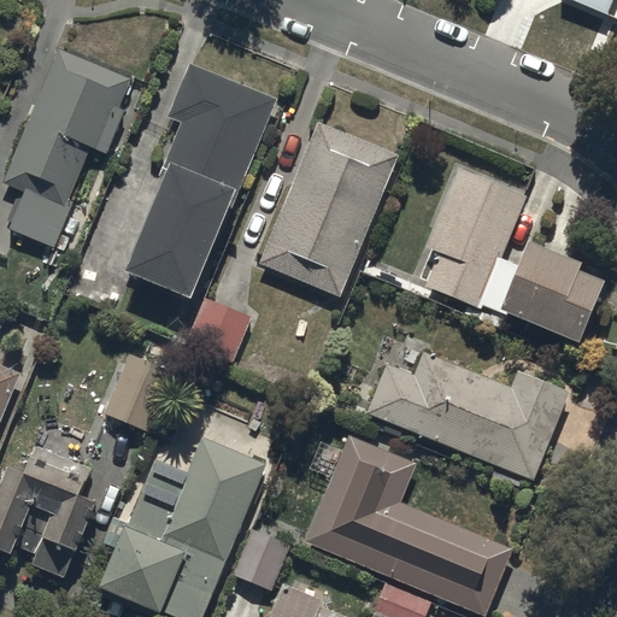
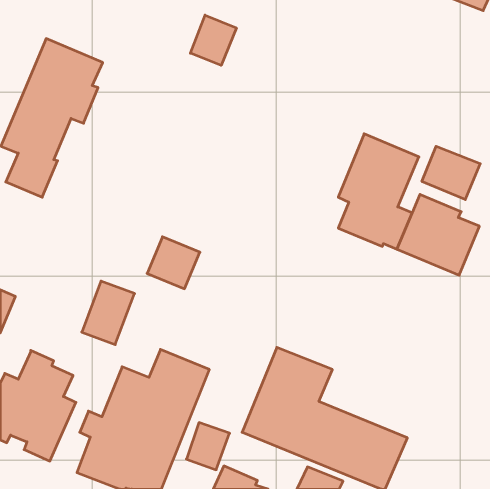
building: none -> [190,15,236,65]
building: [123,64,276,301] -> none
building: [259,122,398,296] -> none
building: none -> [422,146,480,200]
building: [366,352,570,481] -> none

